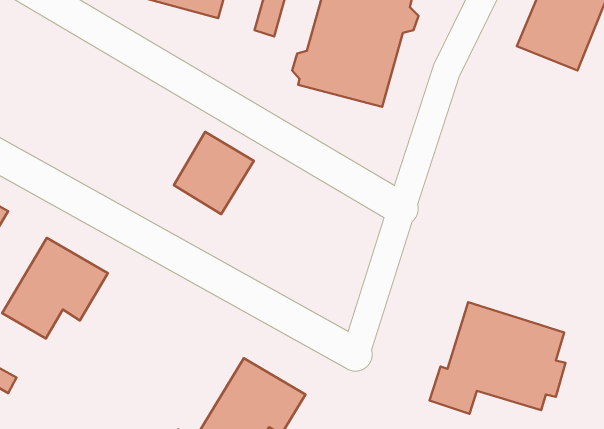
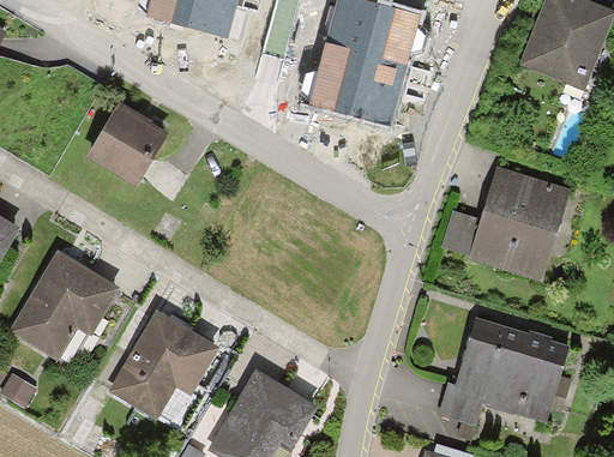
building: [174,132,254,214] -> [89,103,168,185]
building: none -> [440,164,568,278]
building: none -> [109,313,217,420]

